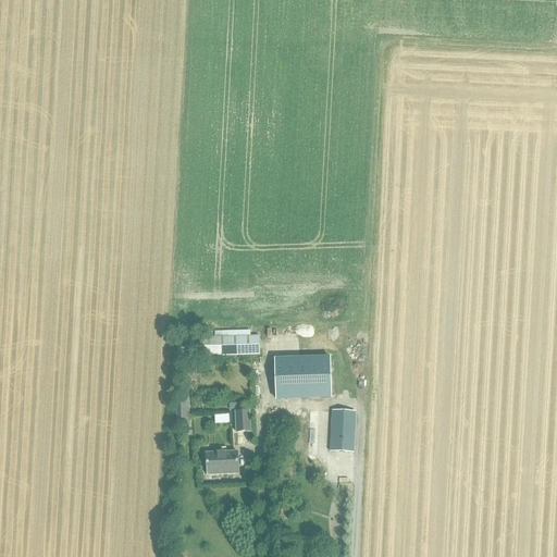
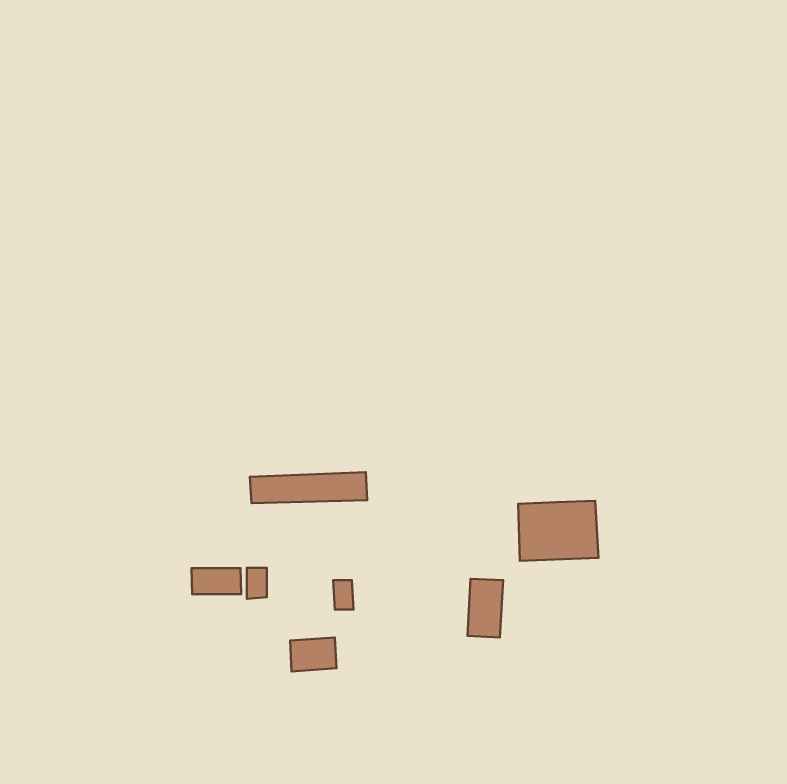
building: [274,355,331,397] -> [518,501,598,561]
building: none -> [191,568,241,594]

